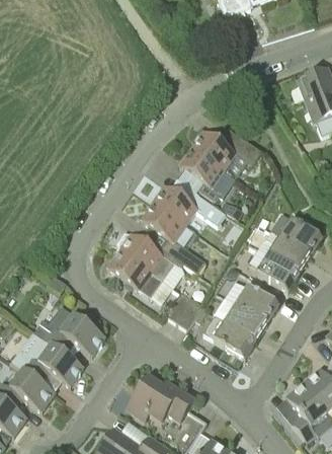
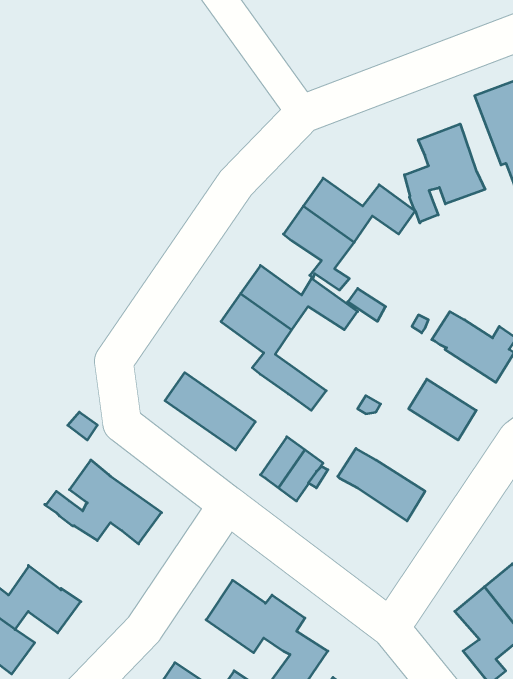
building: none -> [404,124,485,223]
building: [116,230,185,287] -> none
building: [266,230,311,273] -> none
building: [225,279,278,322] -> none
building: [203,314,256,359] -> none
building: [13,335,84,384] -> none

